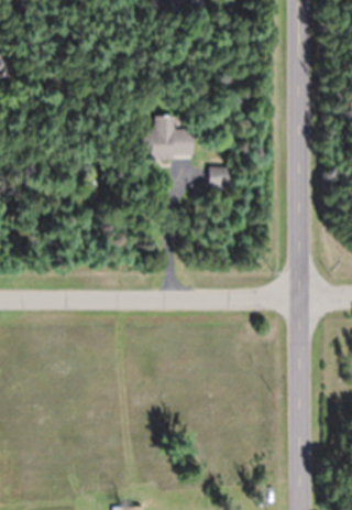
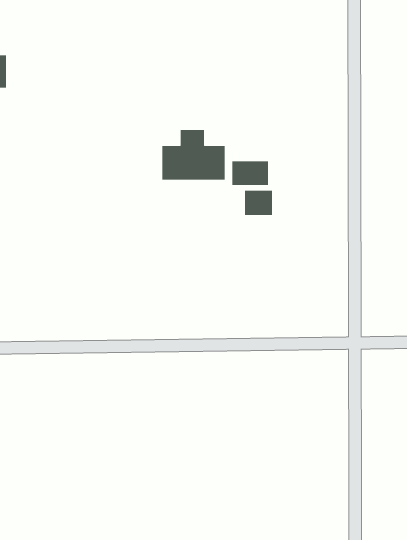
building: none -> [231,161,269,186]

